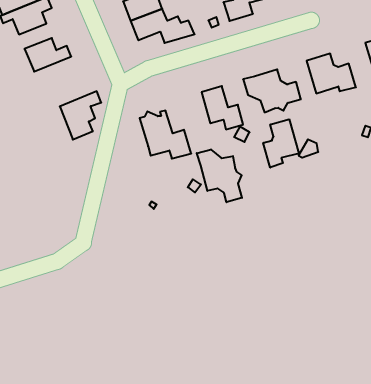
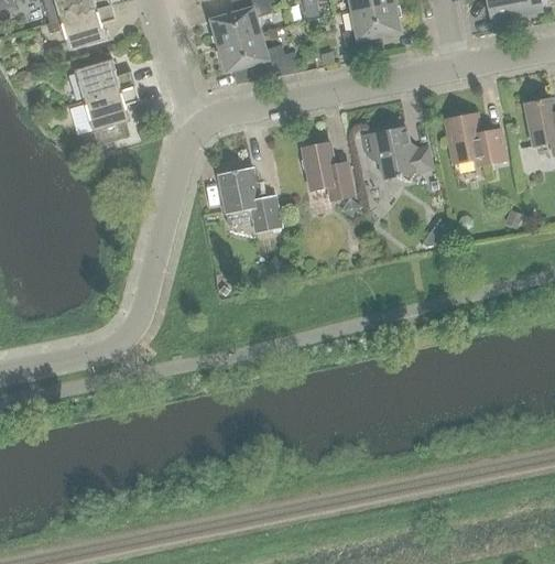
building: [60,91,101,140] -> [85,84,140,144]
building: [263,119,299,168] -> none
building: [197,149,242,202] -> none

